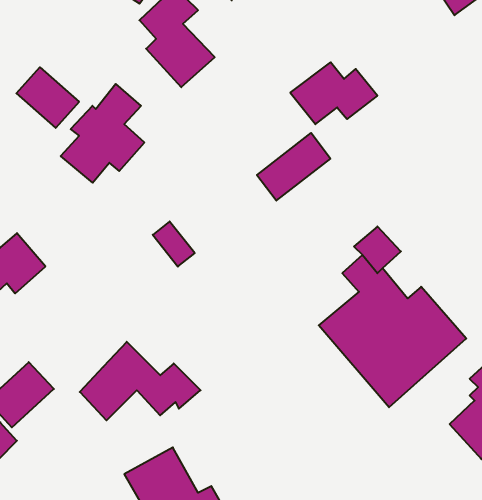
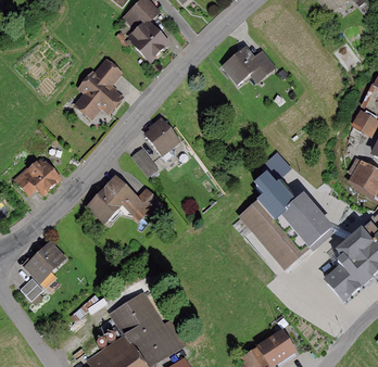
building: [16,67,79,128] -> none
building: [257,133,330,201] -> none
building: none -> [144,115,180,155]
building: [80,342,201,420] -> [86,174,164,225]

